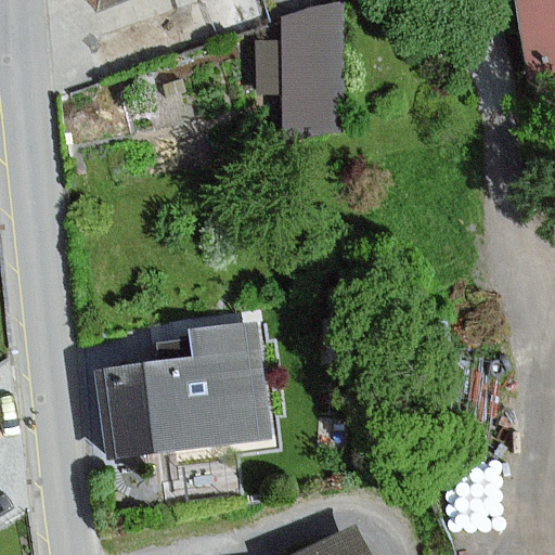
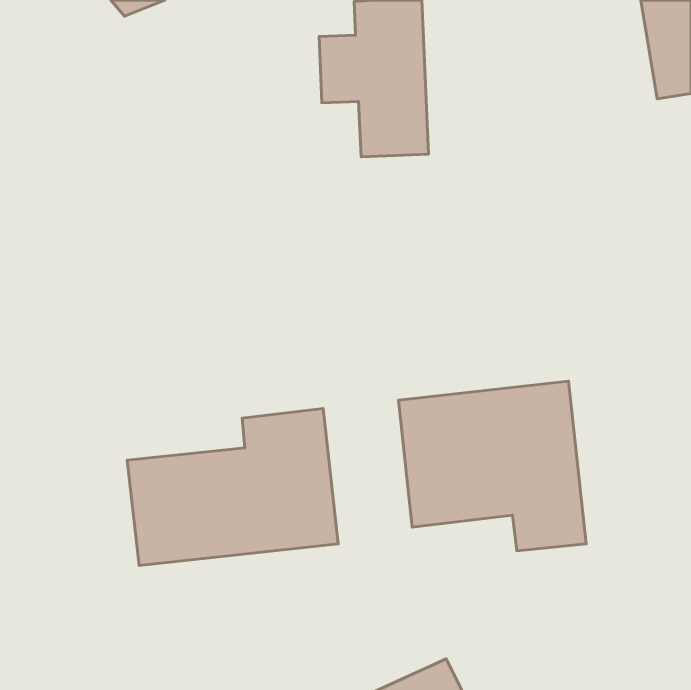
building: none -> [399,381,586,551]

